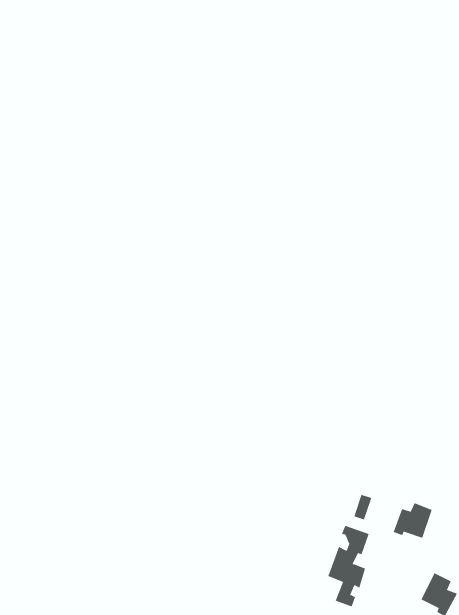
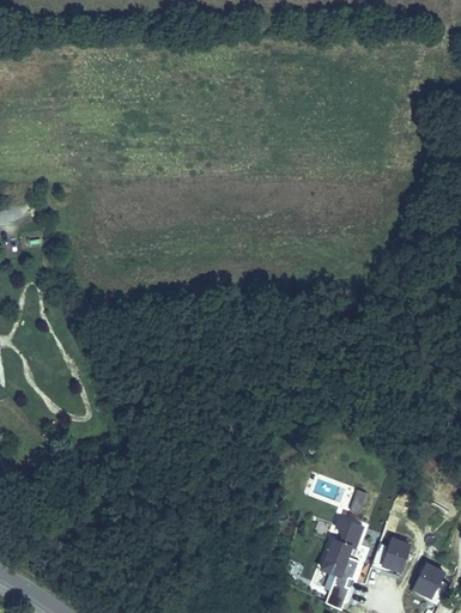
building: [393,502,433,538] -> [371,538,410,572]

